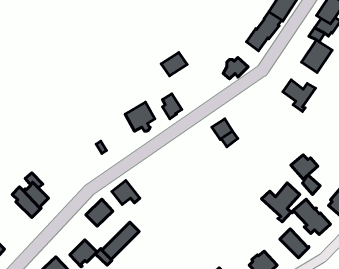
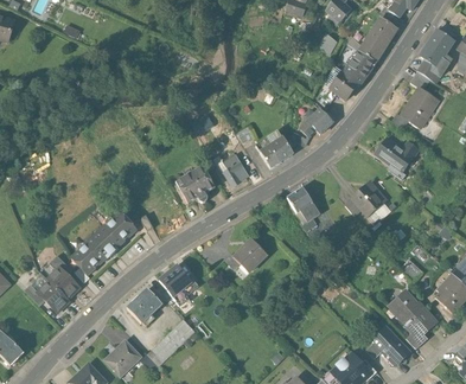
building: [161,53,187,76] -> [260,136,293,166]
building: none -> [71,212,135,274]
building: [291,155,318,179] -> [351,184,385,215]
building: none -> [232,238,266,269]
building: [261,183,300,222] -> none

